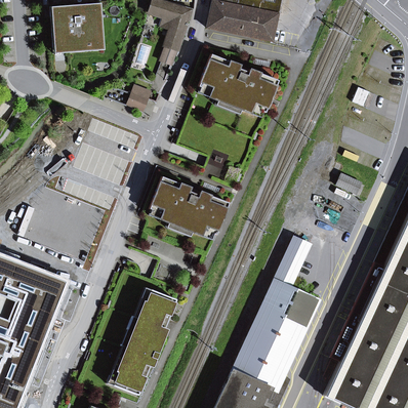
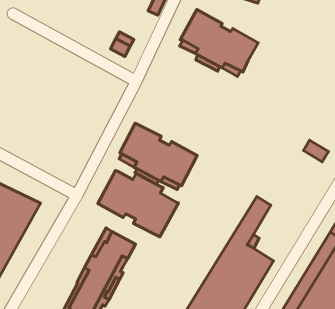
building: none -> [98,170,178,237]

